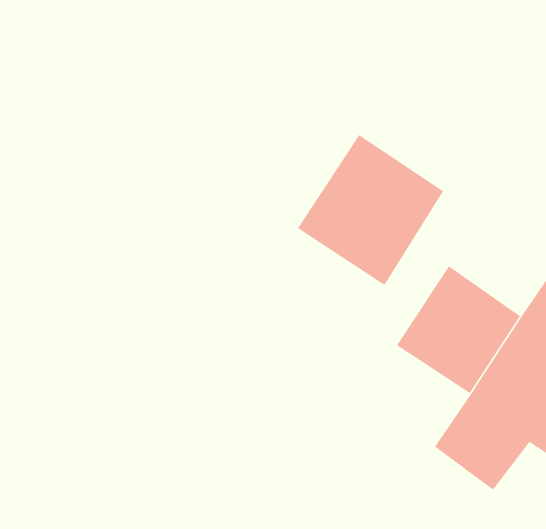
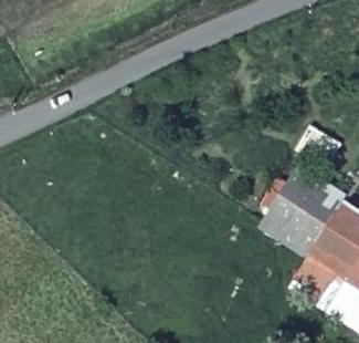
building: [297,134,444,286] -> none

